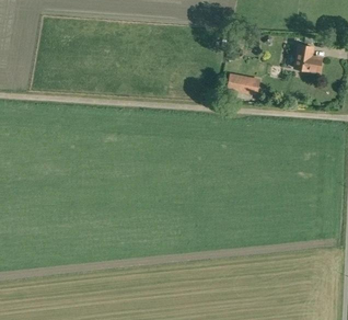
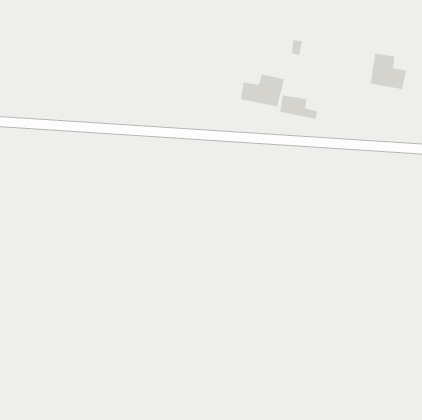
building: none -> [240,73,285,107]

